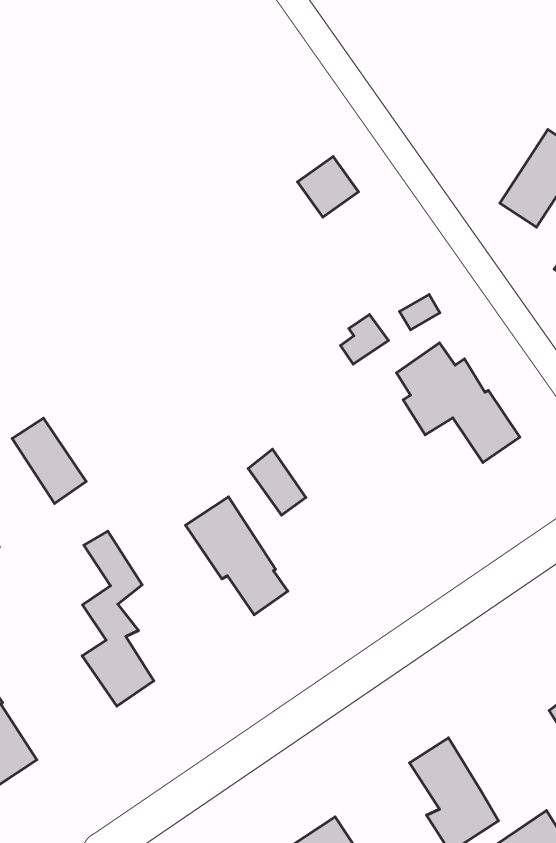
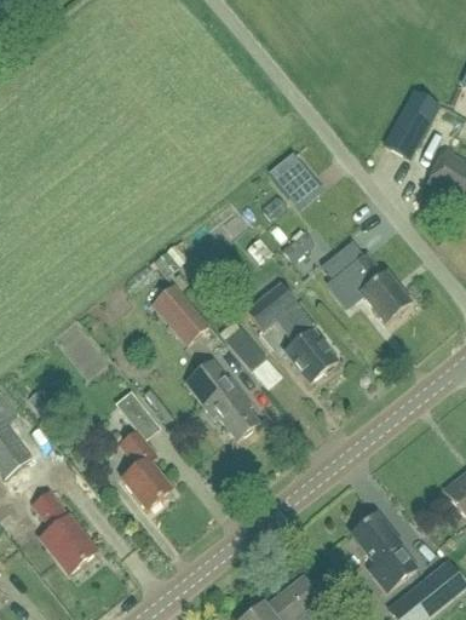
building: [298,156,358,217] -> [270,154,312,196]
building: none -> [247,282,338,381]
building: [12,418,86,504] -> [154,286,207,344]

